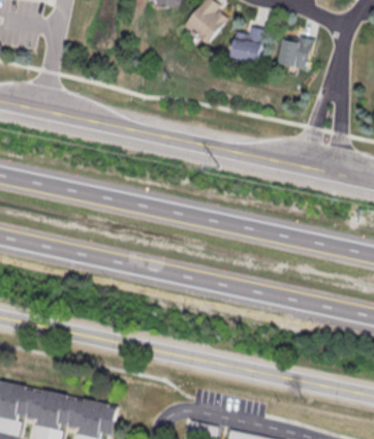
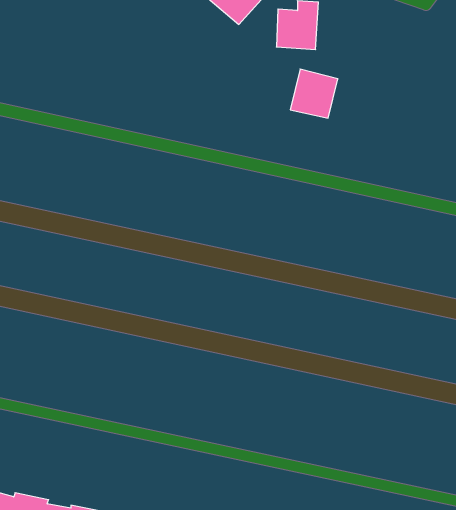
building: [279,32,314,68] -> [290,69,338,118]

